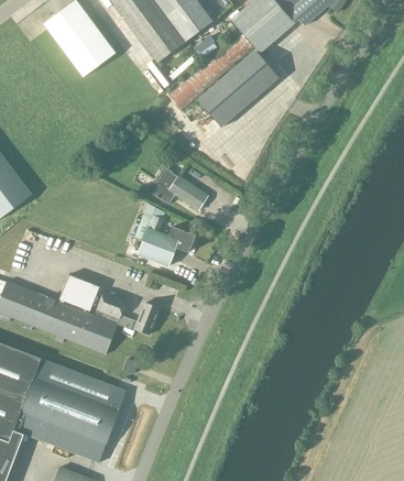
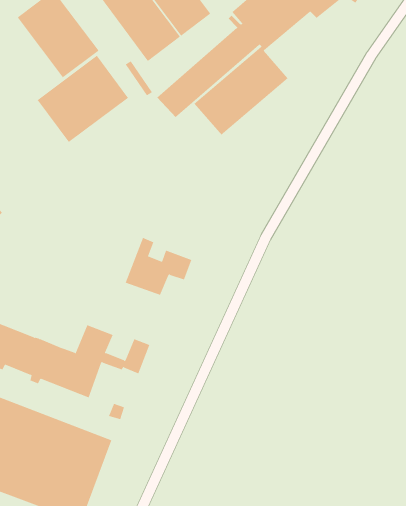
building: none -> [37,55,129,143]
building: [148,166,208,210] -> none
building: [59,274,100,311] -> none

